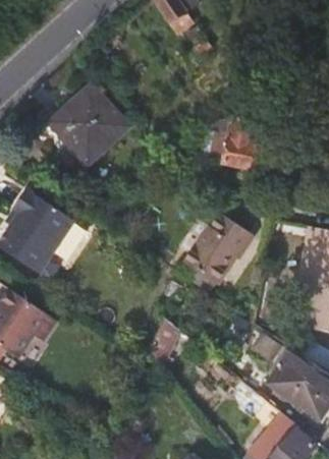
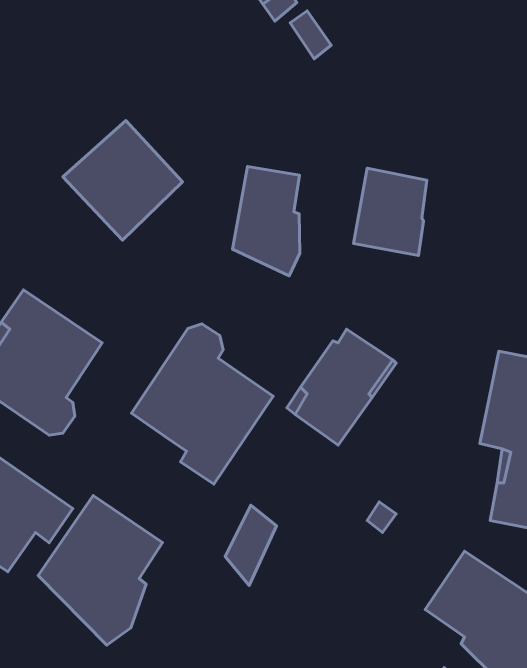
building: none -> [233,166,300,276]
building: none -> [131,324,273,484]
building: none -> [38,496,162,645]

